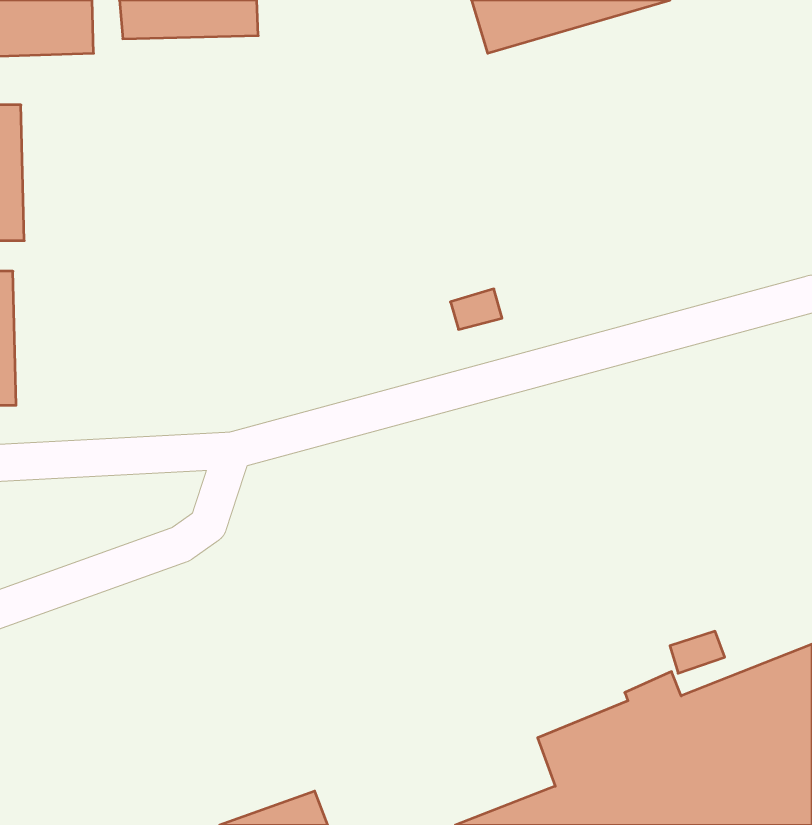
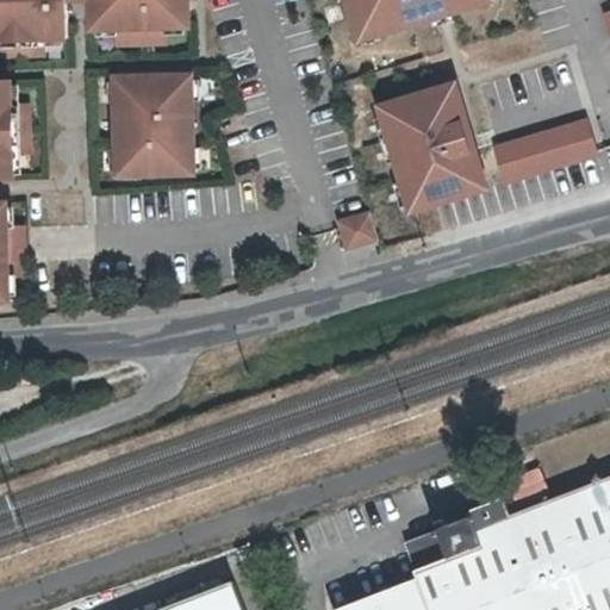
building: none -> [113,71,192,179]
building: none -> [375,80,488,213]
building: none -> [485,116,595,186]

